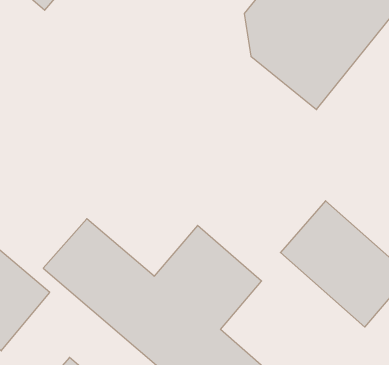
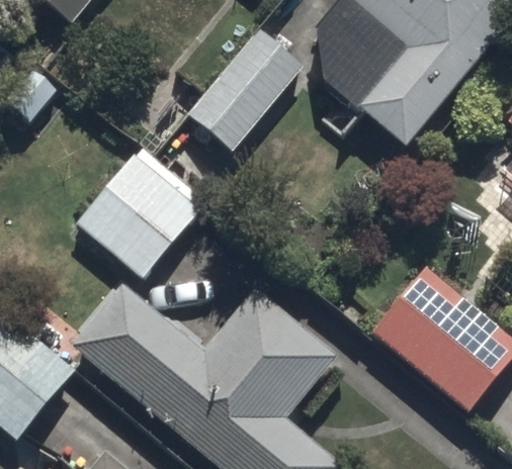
building: none -> [184,25,306,152]
building: none -> [73,146,206,281]

